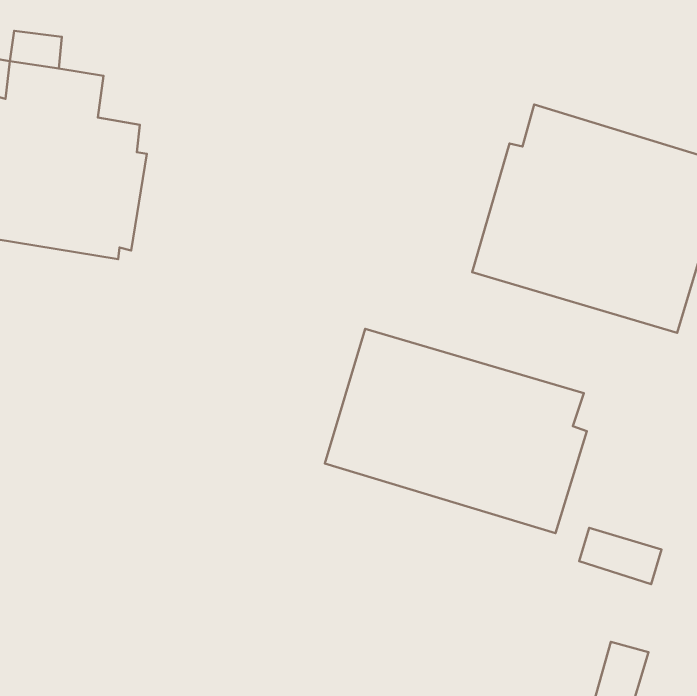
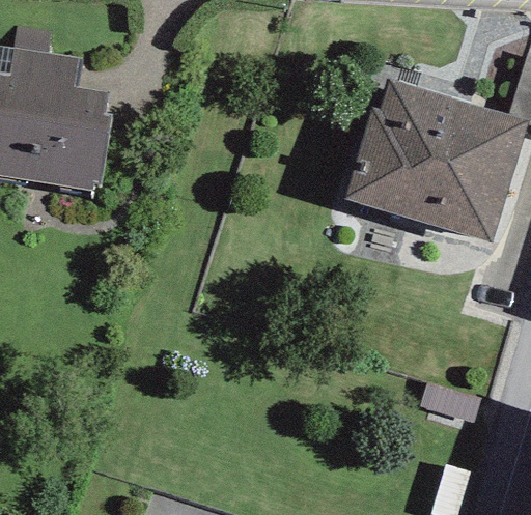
building: [325,329,587,533] -> none

